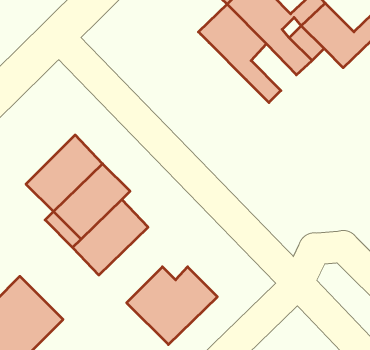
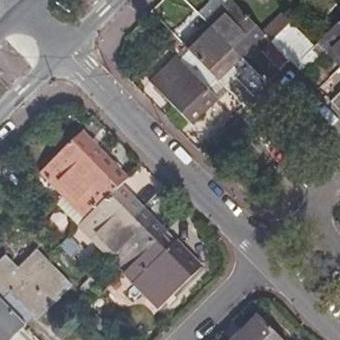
building: none -> [152,47,228,123]
building: none -> [102,208,166,271]

